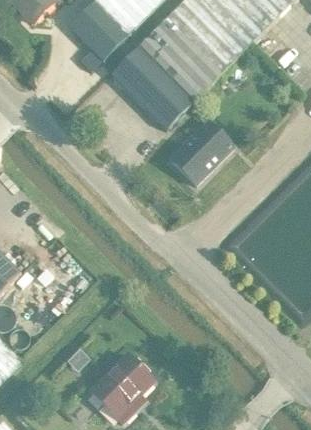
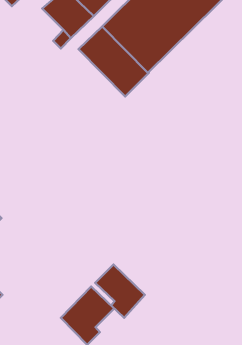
building: [173,123,235,185] -> none
building: none -> [95,264,145,318]

